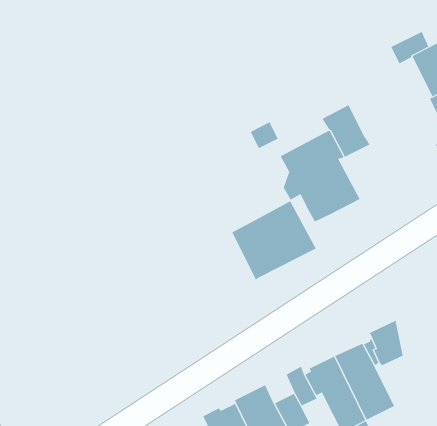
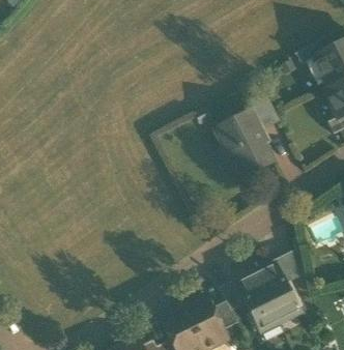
building: [232,201,317,281] -> none

